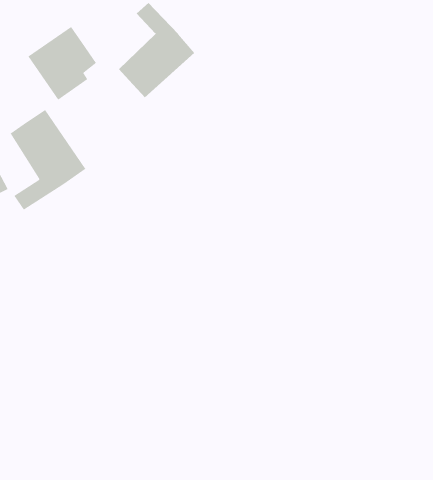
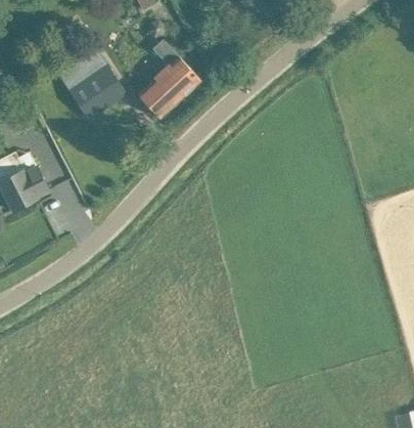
building: [10,109,86,211] -> none

